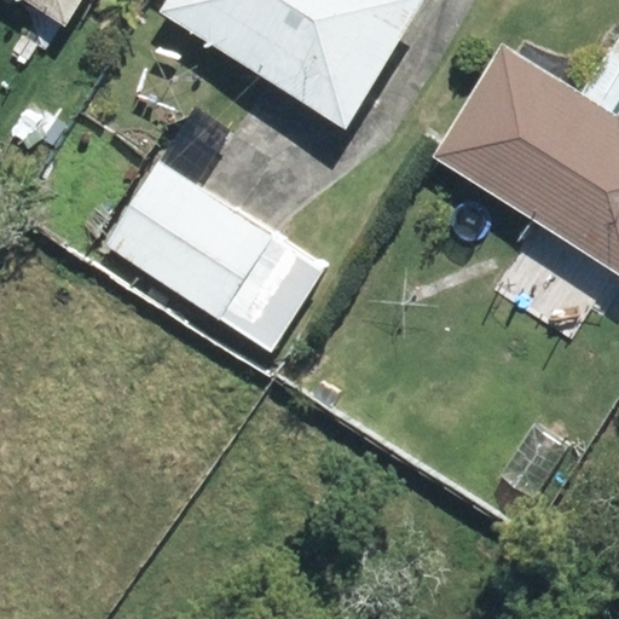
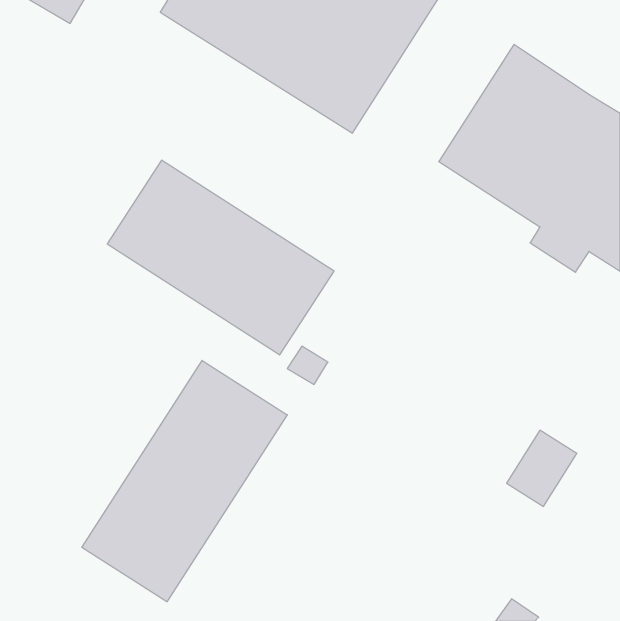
building: none -> [82,360,287,602]

